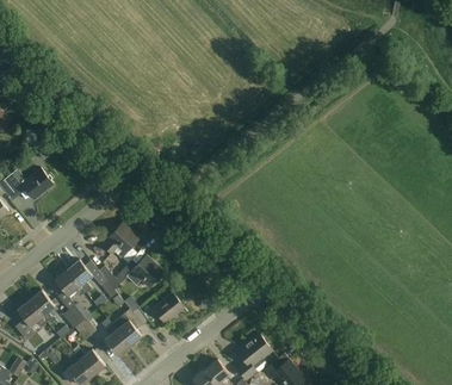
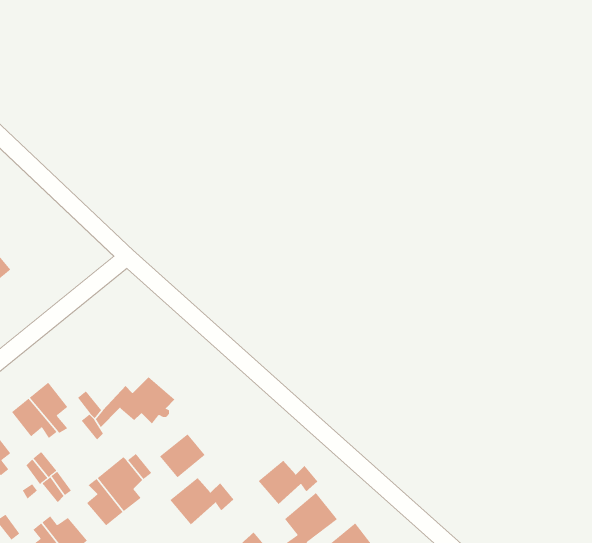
building: [103,221,140,259] -> none
building: none -> [258,460,318,505]
building: none -> [169,477,234,525]

